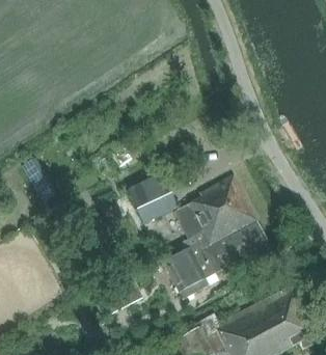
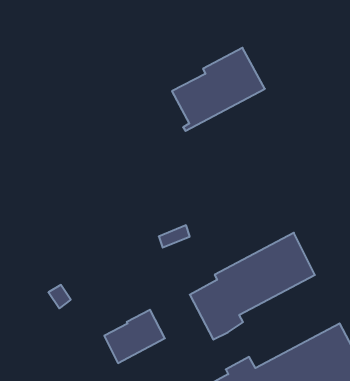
building: [125,174,167,210] -> none
building: [172,176,250,246] -> [172,48,265,131]

